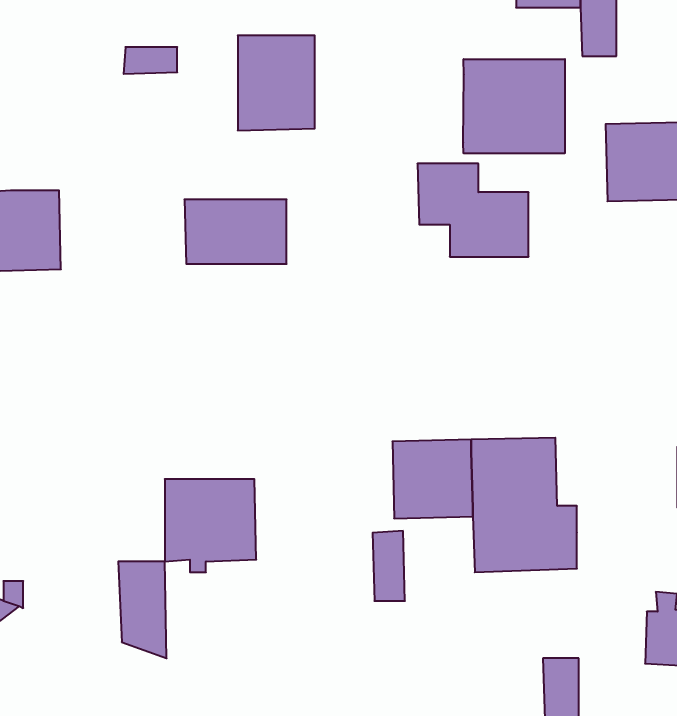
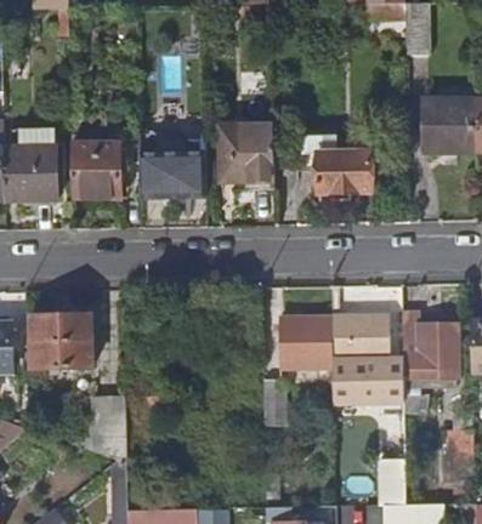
building: [238,35,315,130] -> [221,126,273,190]
building: [463,59,565,153] -> none
building: none -> [70,139,126,198]
building: none -> [402,314,459,378]
building: [165,479,256,572] -> [30,313,92,376]

